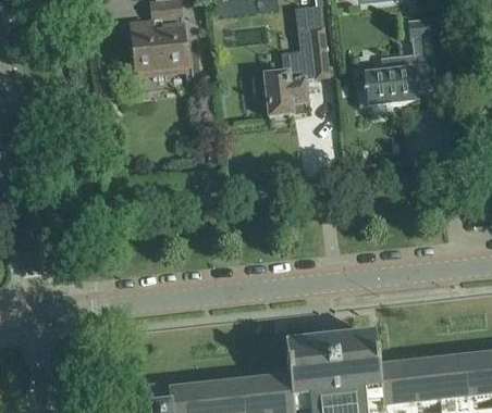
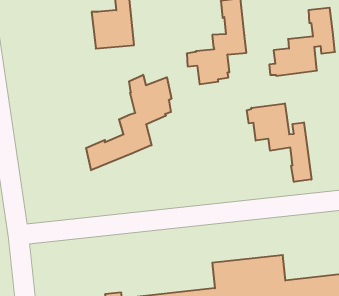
building: none -> [86,75,171,170]
building: none -> [247,103,311,182]

